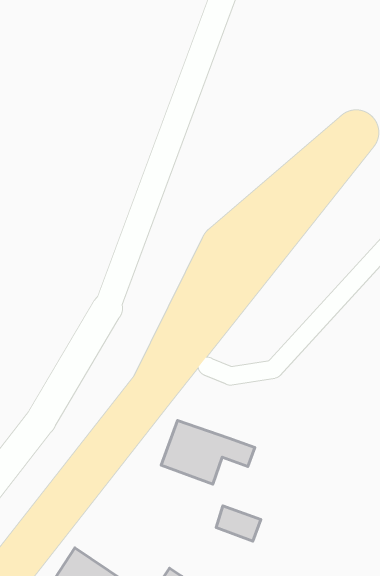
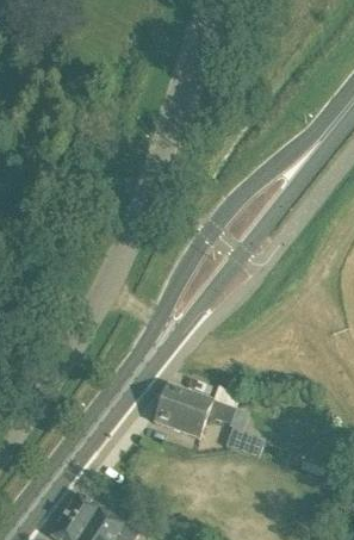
building: [216,506,261,541] -> [226,426,266,457]

